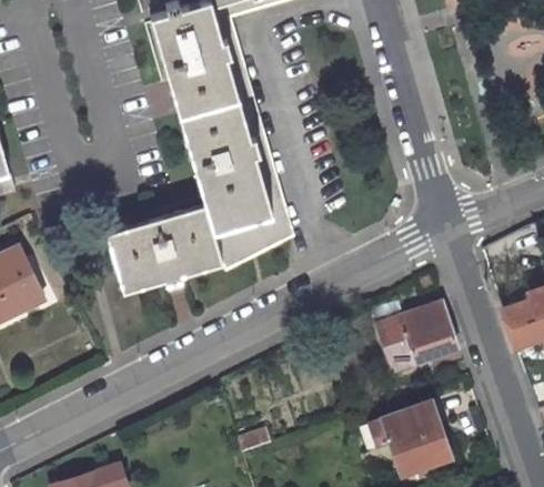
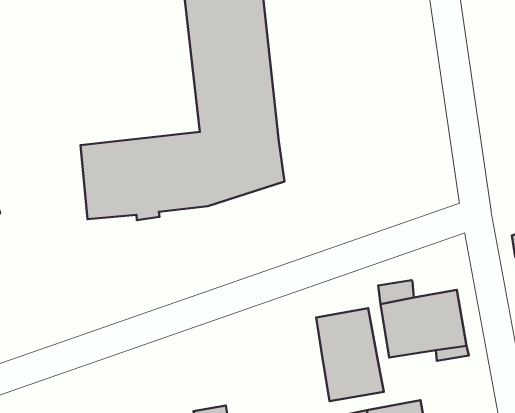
building: none -> [316,308,384,401]

